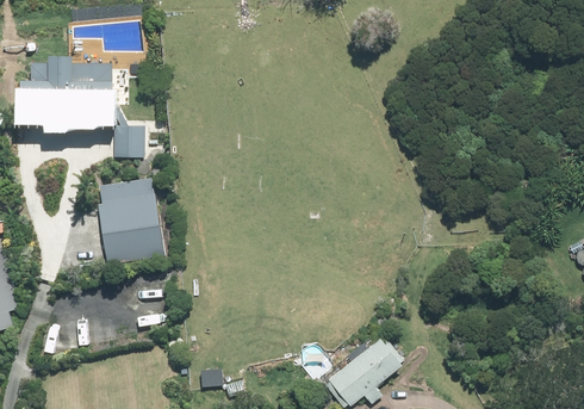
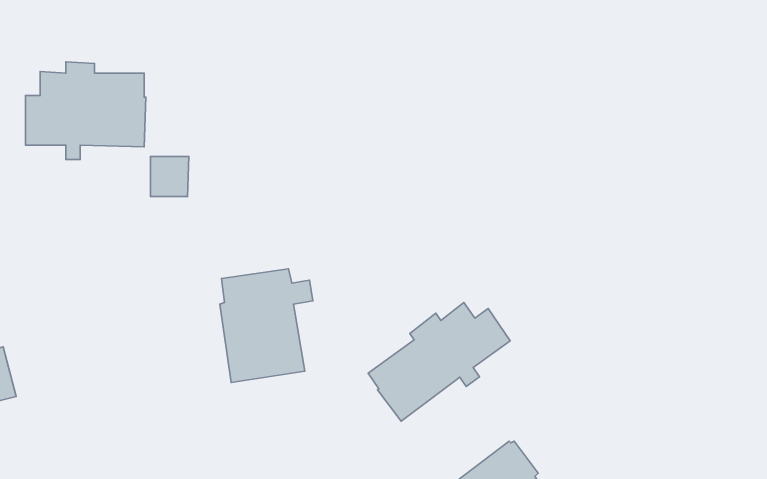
building: [99,179,168,264] -> [220,269,313,383]
building: none -> [368,302,510,421]

